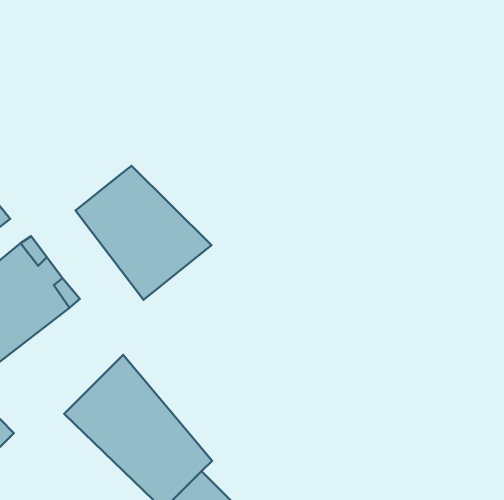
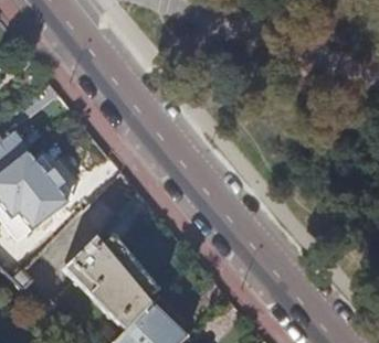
building: [75,166,212,300] -> none

